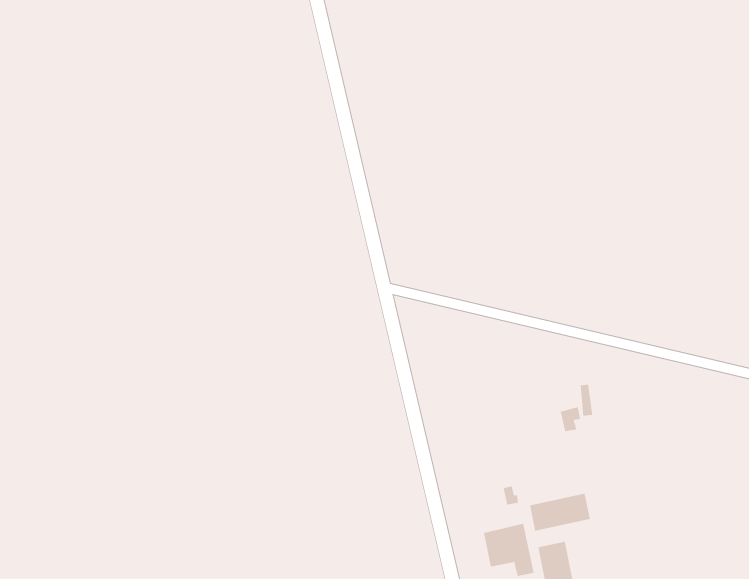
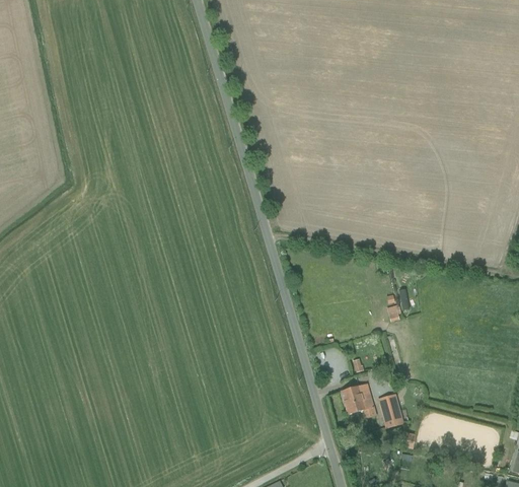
building: [529,493,590,532] -> none

